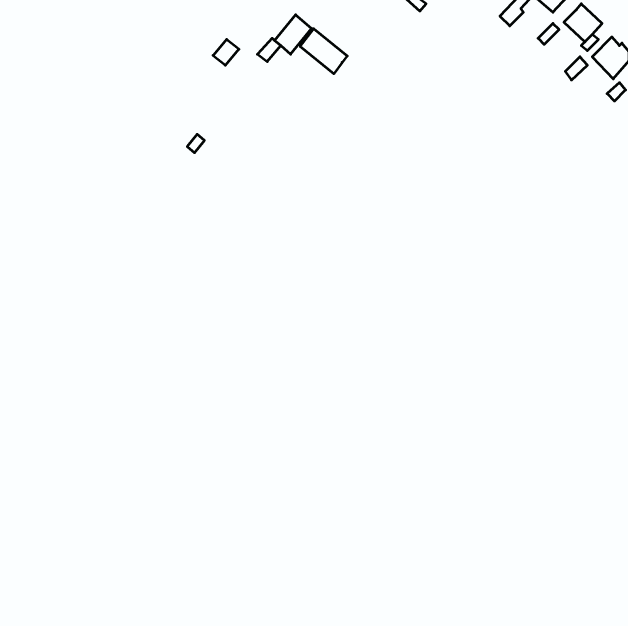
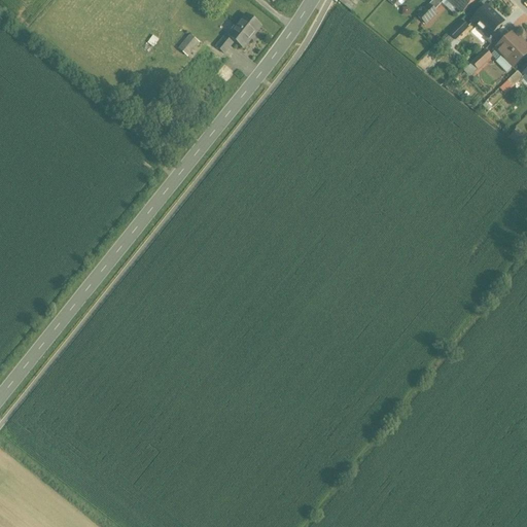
building: [300,29,347,74] -> none

